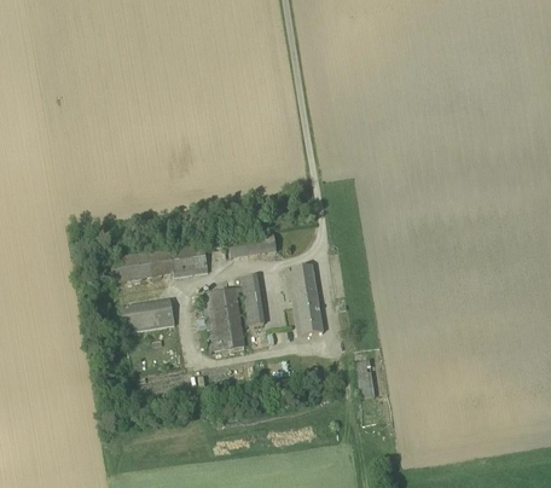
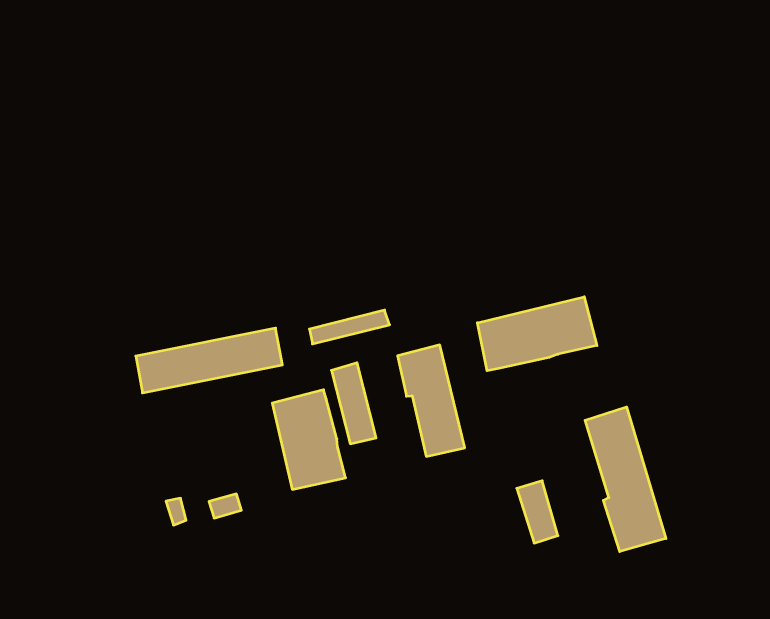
building: none -> [477,297,597,371]
building: [120,298,174,332] -> none
building: none -> [585,407,666,552]

